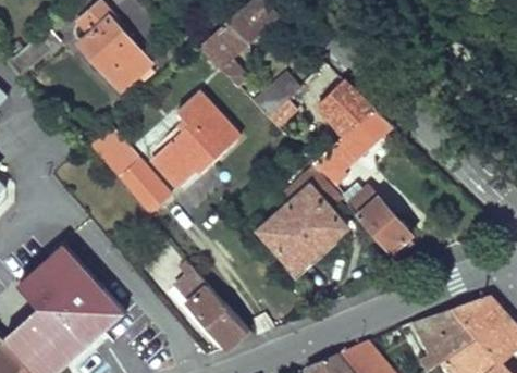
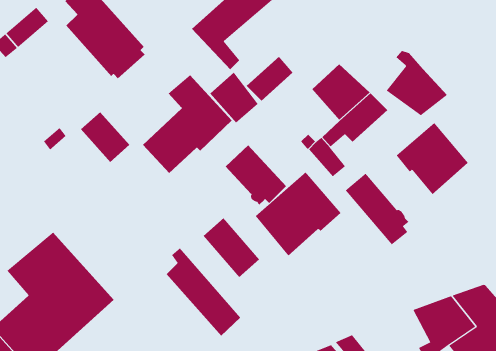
building: none -> [386,50,448,116]
building: none -> [209,72,259,124]
building: none -> [396,122,469,195]
building: none -> [225,145,287,206]
building: [119,160,170,215] -> none
building: none -> [203,218,260,278]

